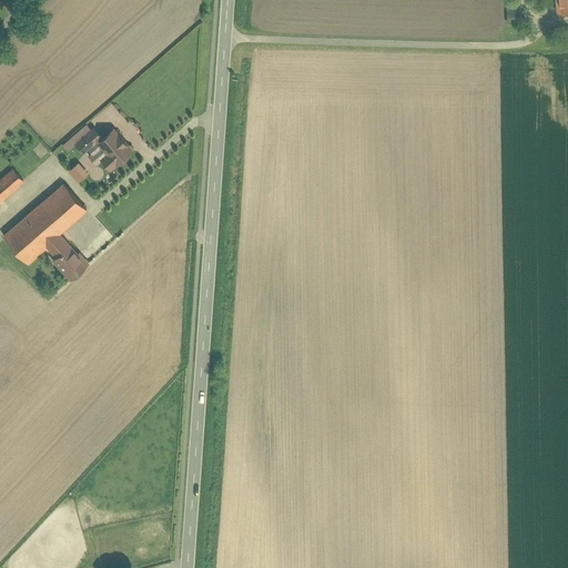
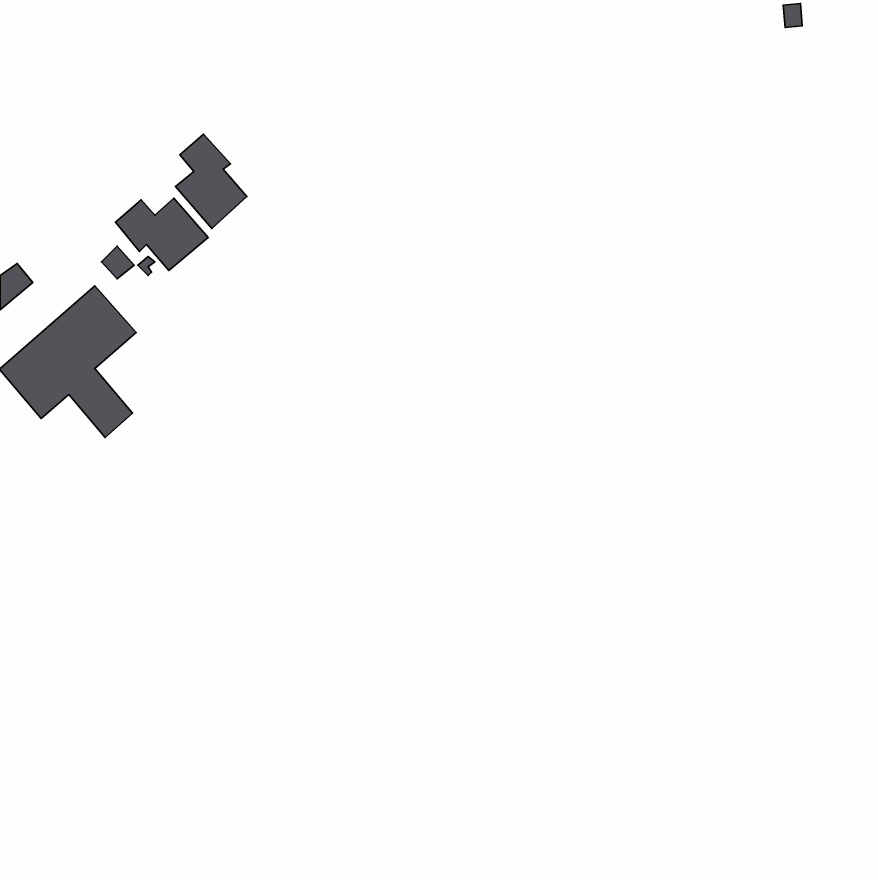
building: none -> [176,134,247,228]

